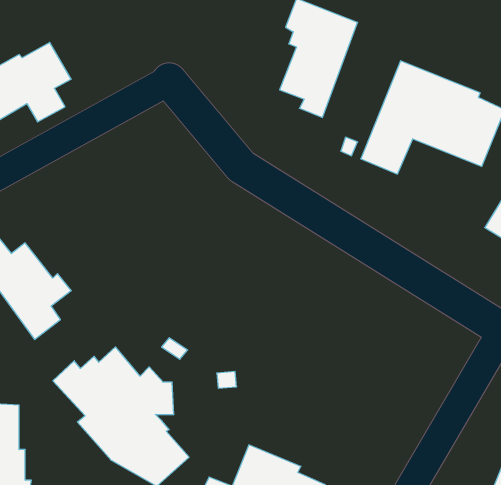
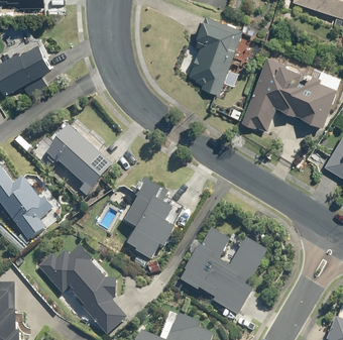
building: none -> [45,125,112,196]
building: none -> [116,178,180,260]
building: none -> [182,229,271,317]

